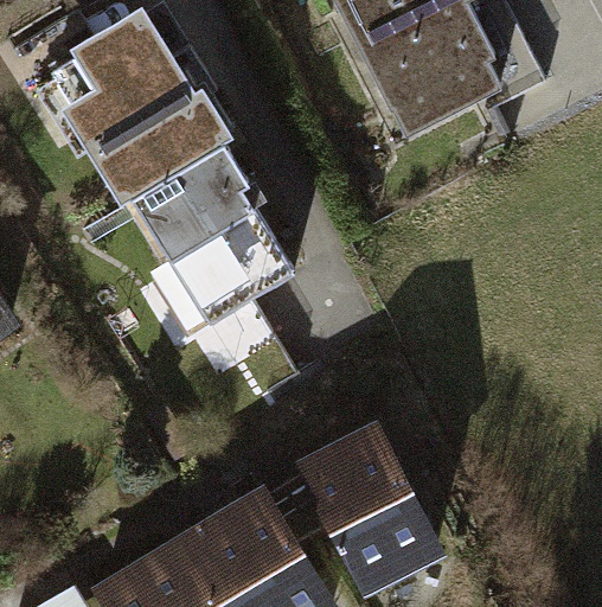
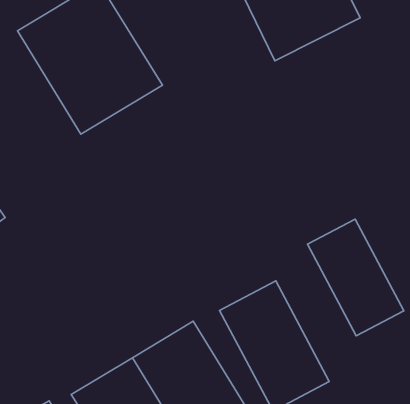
building: [121,158,310,352] -> none
building: none -> [307,219,404,336]

